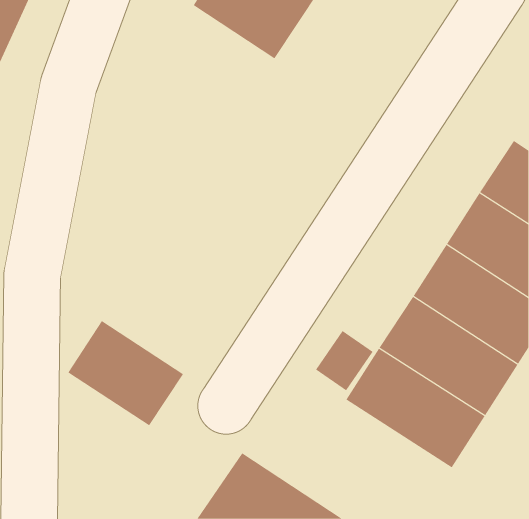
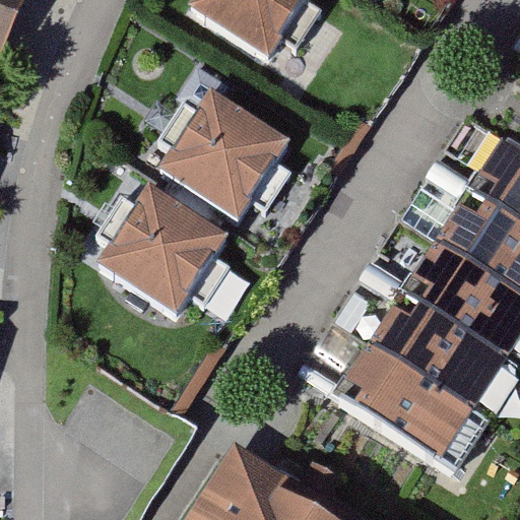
building: none -> [158,88,290,220]
building: none -> [99,184,229,314]
building: [67,320,184,426] -> none

